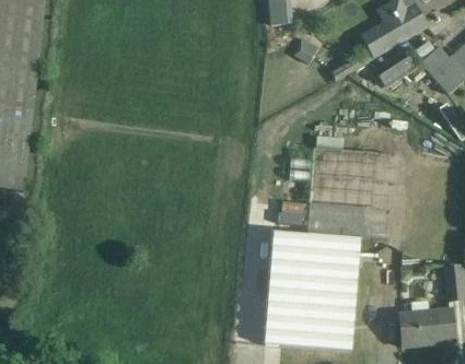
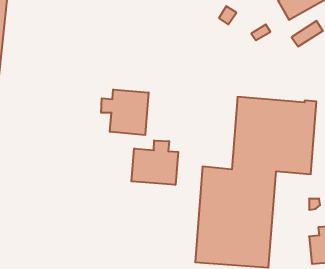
building: none -> [101,89,149,135]
building: none -> [131,140,178,185]

